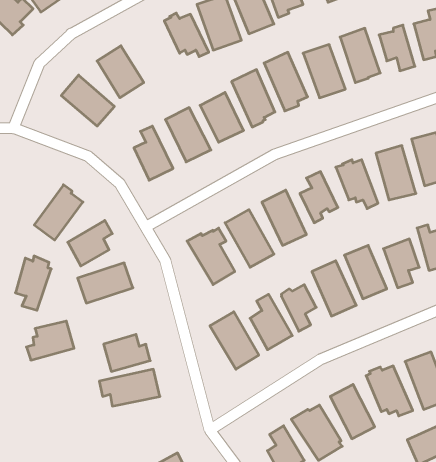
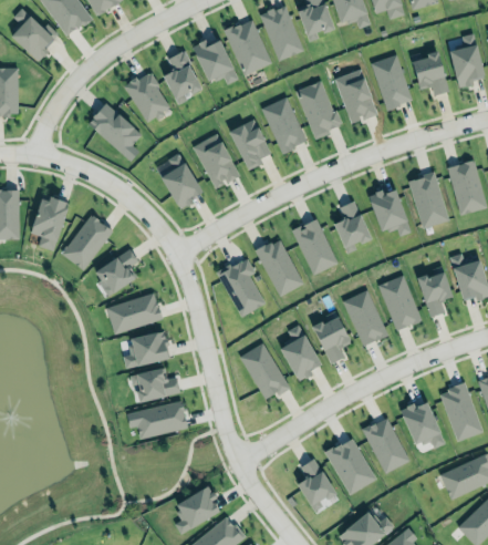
building: none -> [165,51,201,102]
building: [15,256,51,310] -> [31,194,68,249]
building: [26,321,74,360] -> [121,329,169,369]

